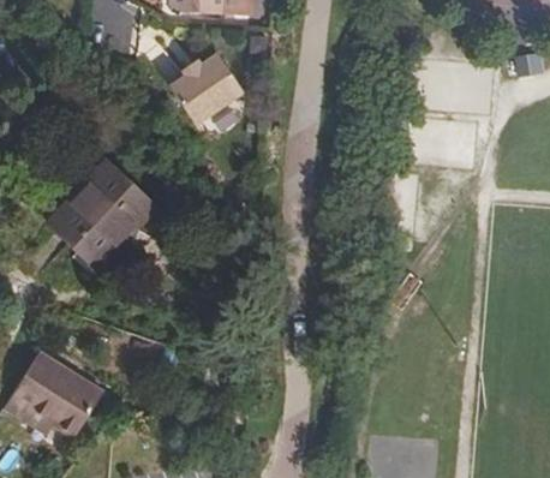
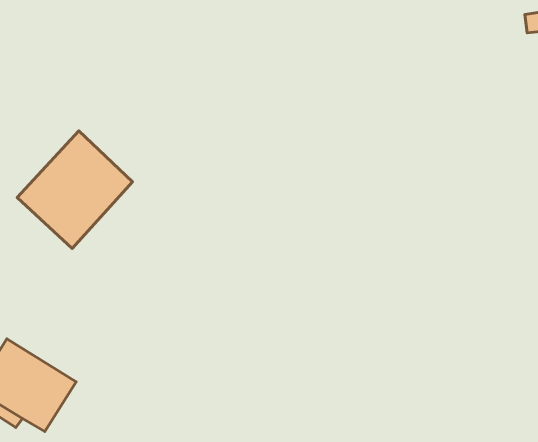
building: [171,54,243,123] -> none

